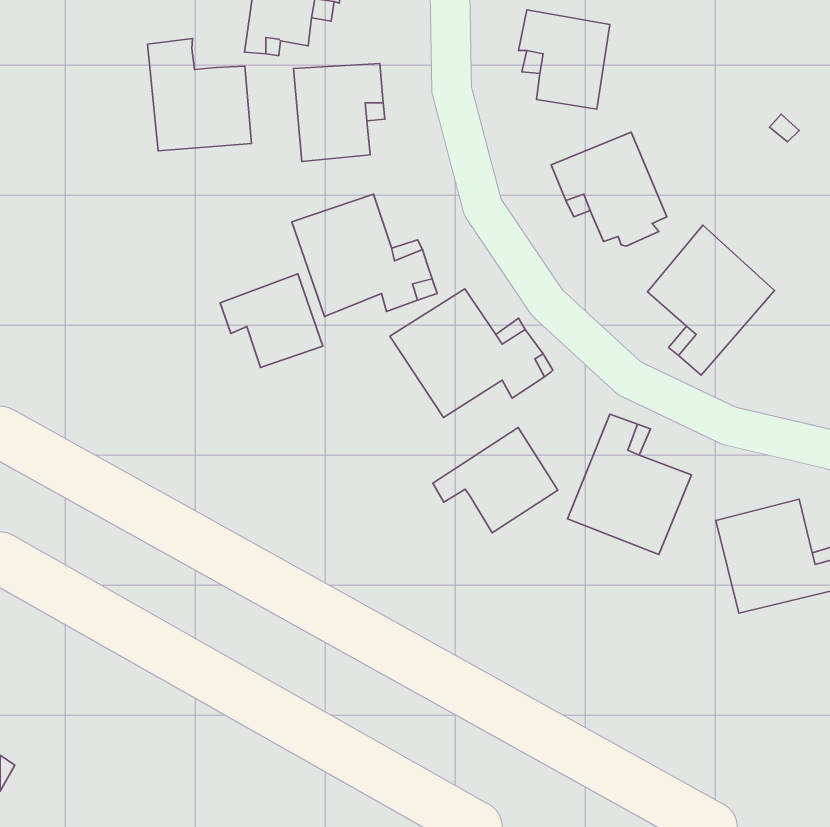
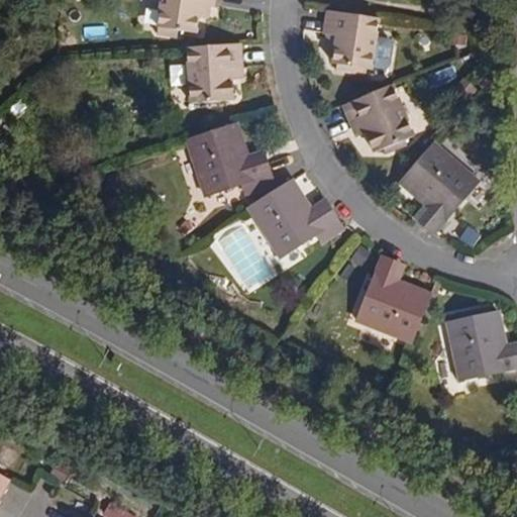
building: [147,38,252,151] -> none
building: [220,274,323,367] -> none
building: [433,427,558,533] -> none

